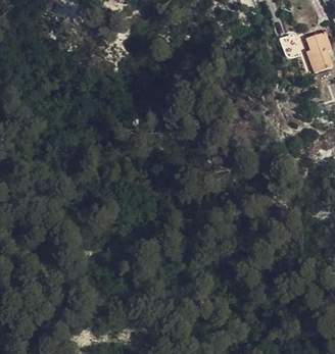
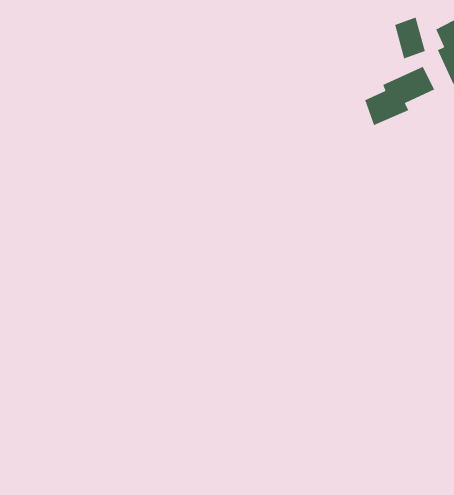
building: none -> [364,66,435,126]

